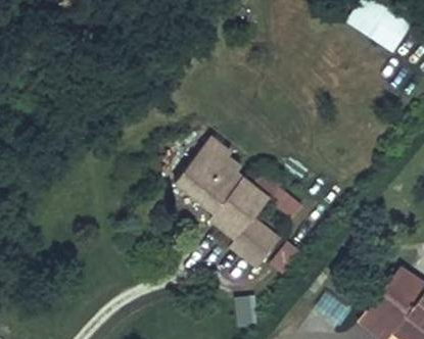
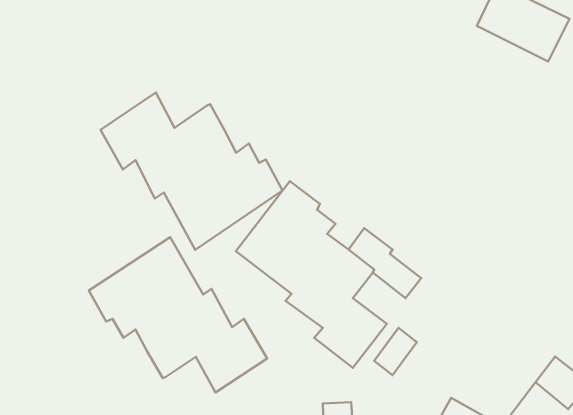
building: none -> [101,92,283,250]
building: none -> [89,237,267,392]

